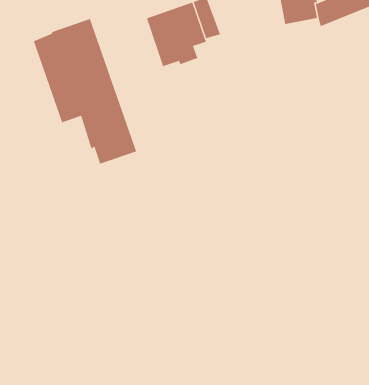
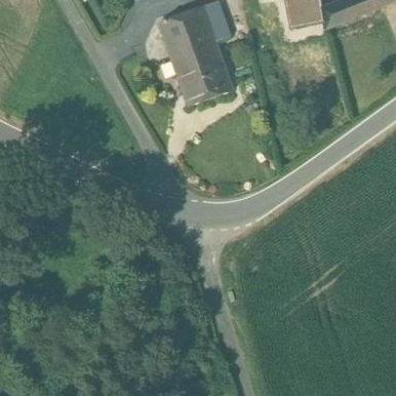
building: [33,18,137,165] -> none
building: none -> [174,44,233,106]

